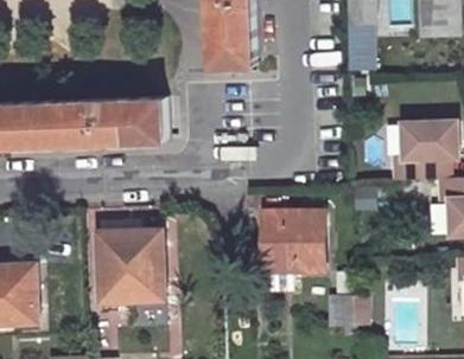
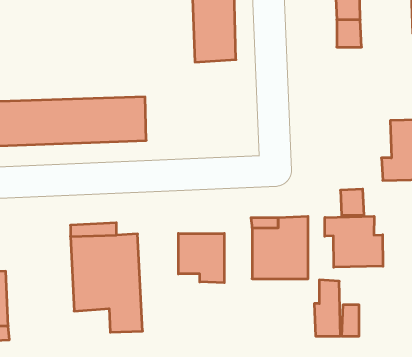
building: none -> [325,216,383,267]
building: none -> [178,233,224,283]

